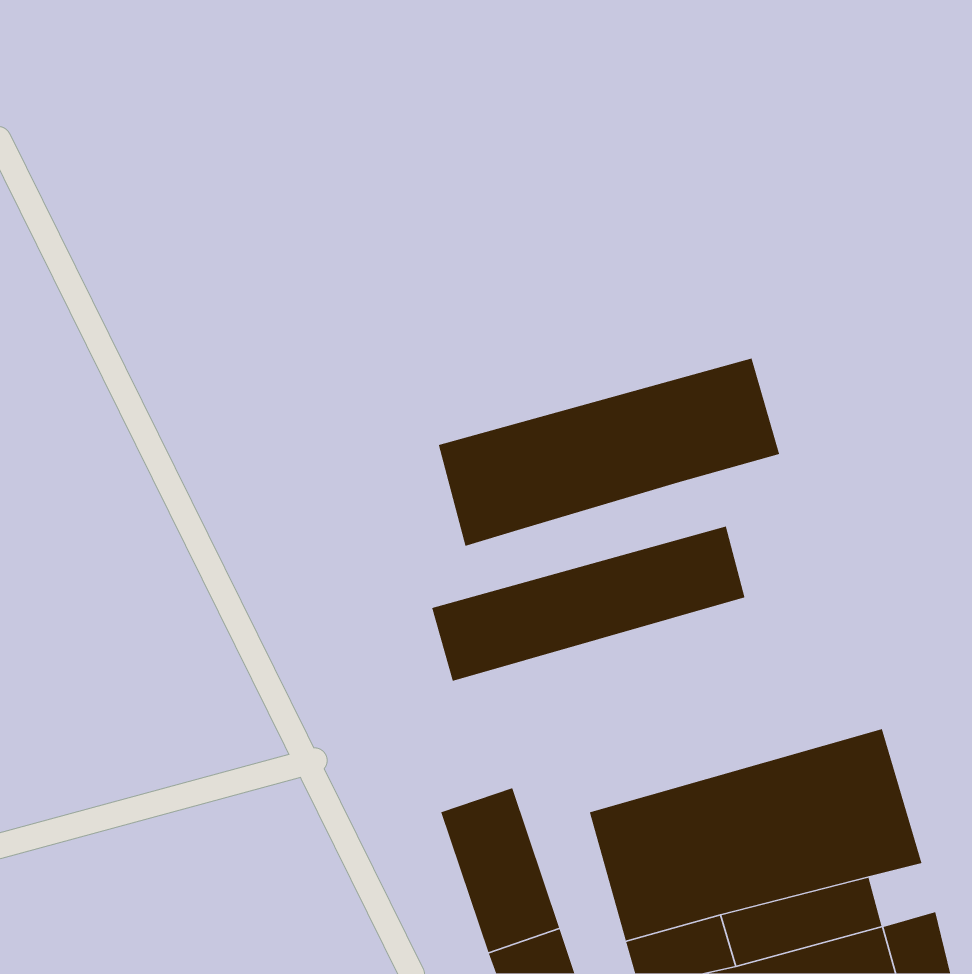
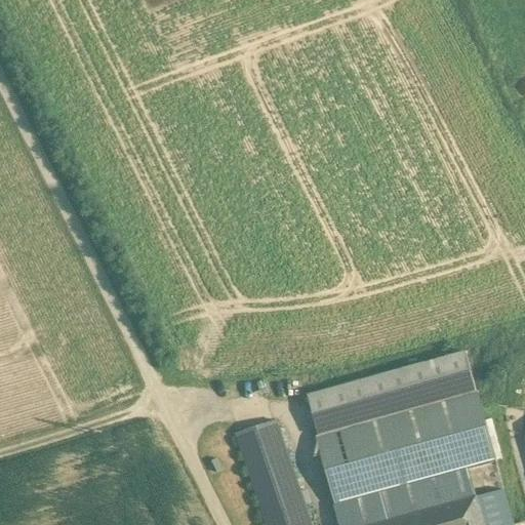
building: [438,357,780,547] -> none
building: [431,525,746,682] -> [306,353,475,437]

